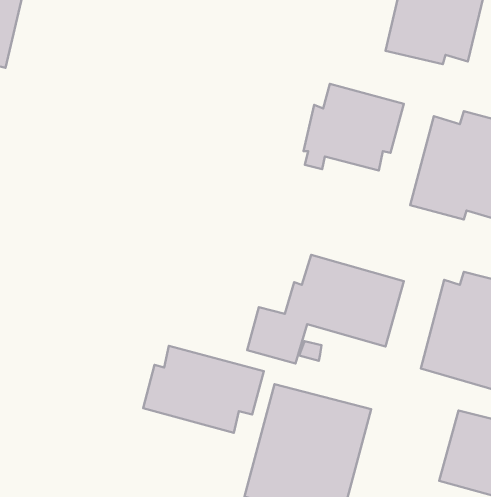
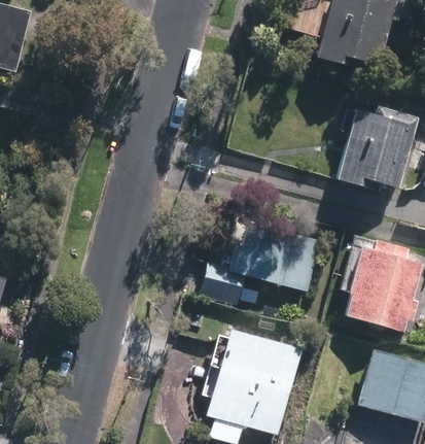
building: [303,84,404,171] -> none
building: [143,346,264,433] -> none

